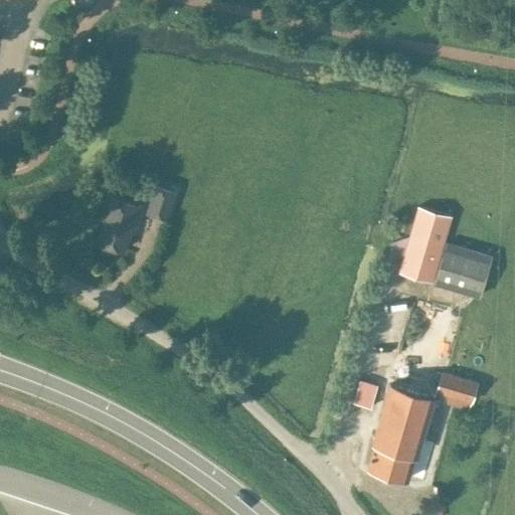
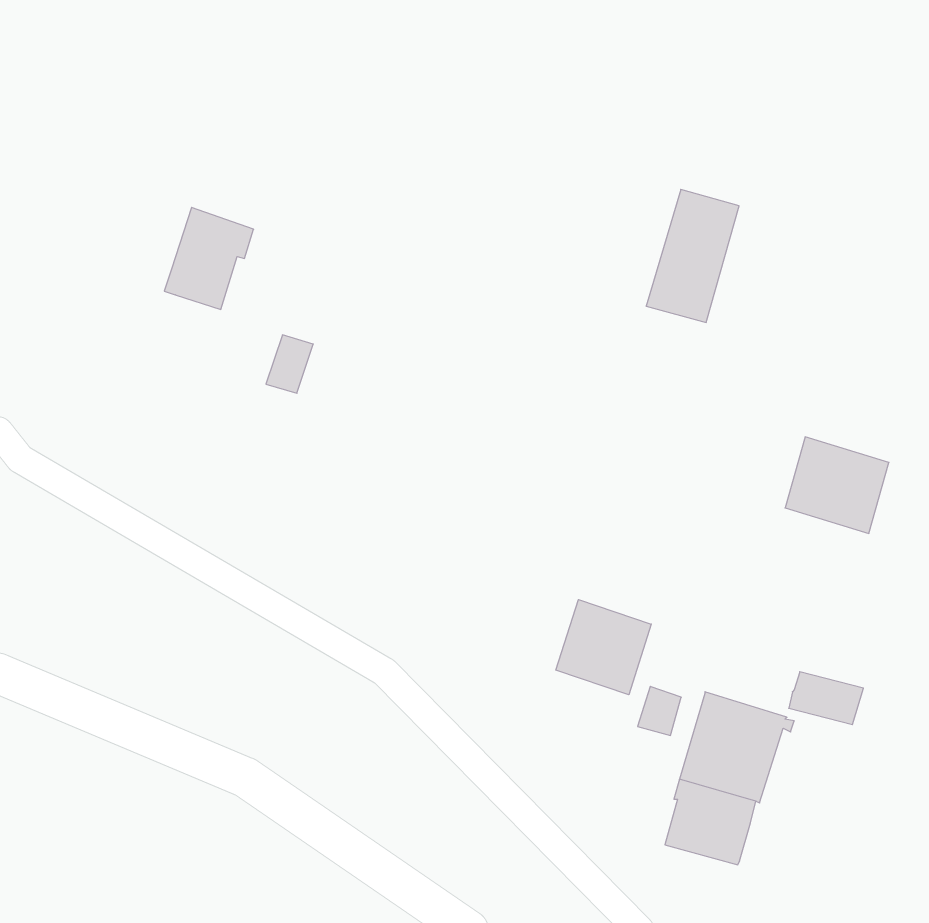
building: [92,197,141,253] -> [164,207,254,309]
building: [398,210,450,284] -> [646,189,739,322]
building: none -> [556,600,651,695]

